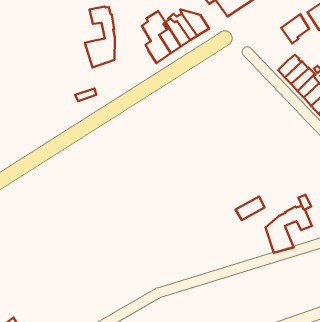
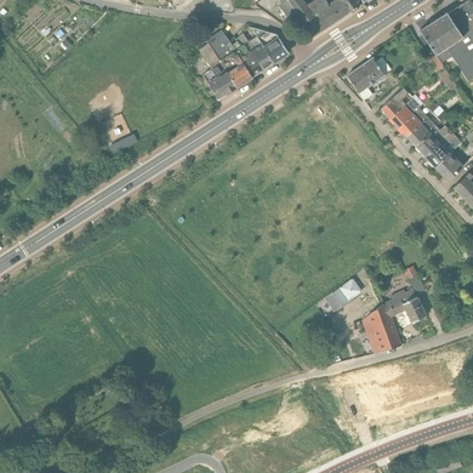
building: [85,7,115,68] -> none
building: [281,14,309,43] -> [347,57,384,96]

